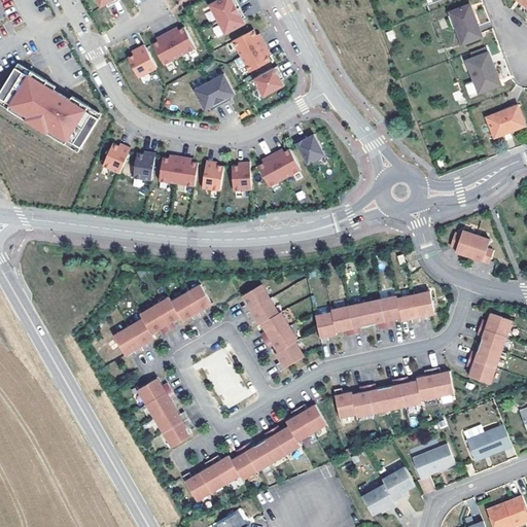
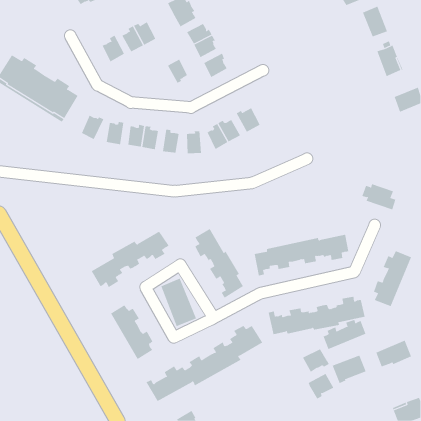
building: [194,81,220,109] -> none
building: none -> [323,319,366,350]
building: [362,482,396,512] -> [302,348,329,372]

